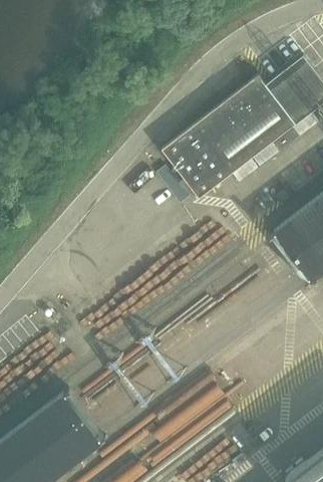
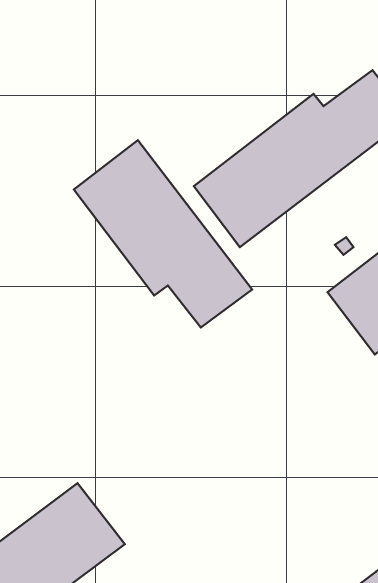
building: none -> [74,140,252,327]

